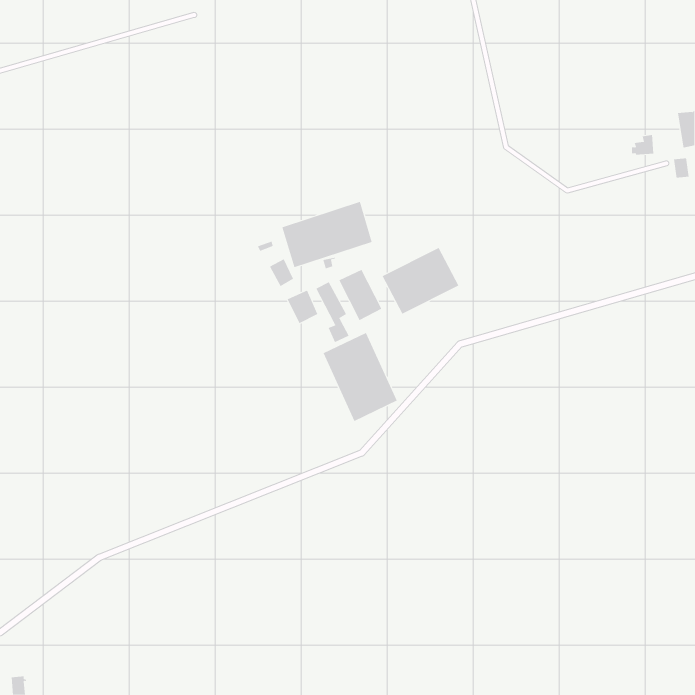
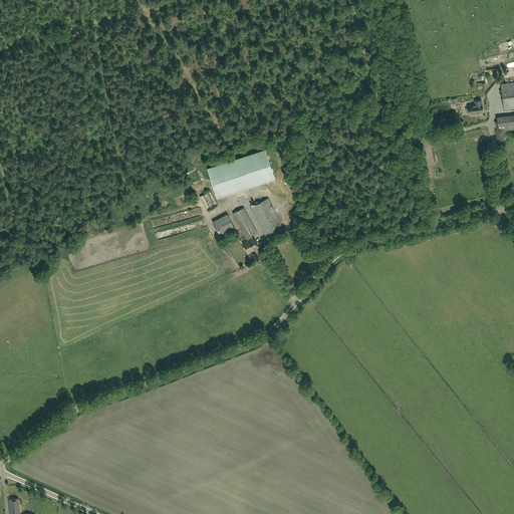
building: [382,247,459,314] -> none
building: [323,332,398,422] -> none

